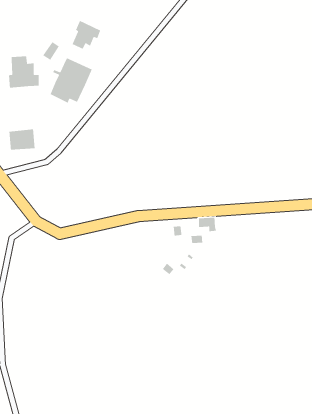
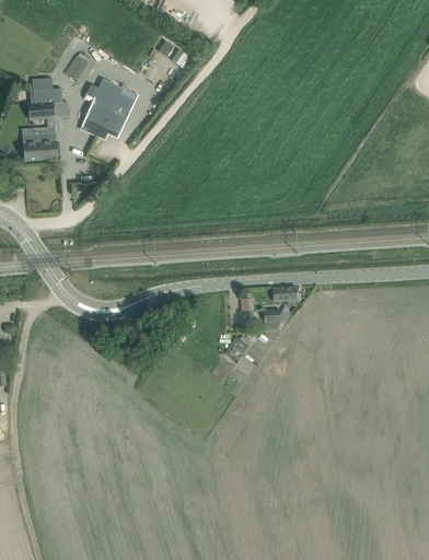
building: [72,20,101,50] -> none
building: [8,129,35,150] -> [22,131,57,160]

